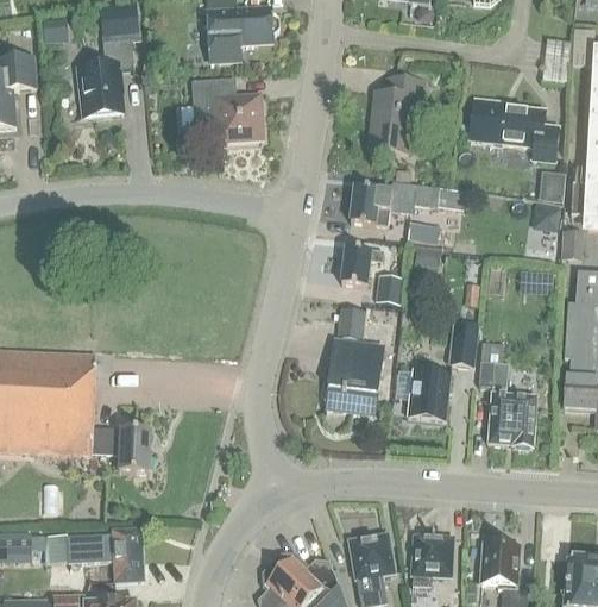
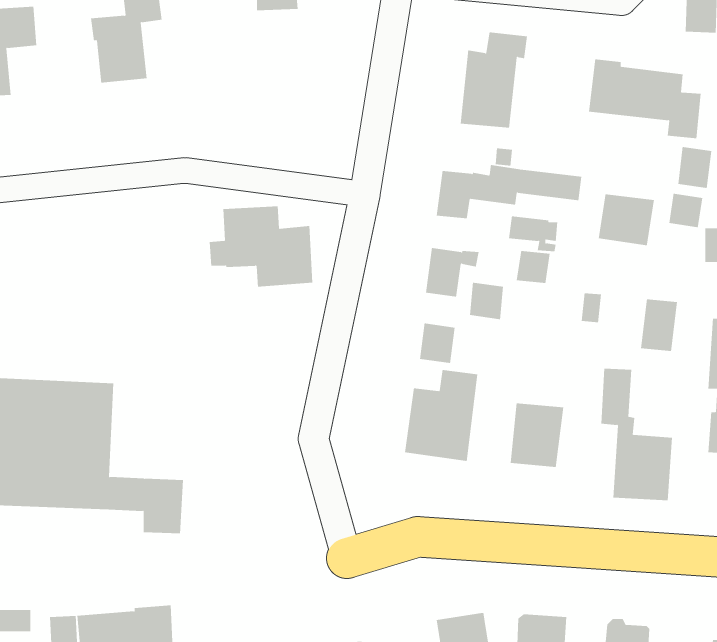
building: [181,77,263,142] -> [209,206,313,287]
building: none -> [598,194,654,246]
building: [448,325,478,367] -> [640,299,678,351]

